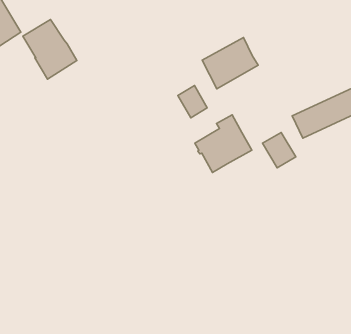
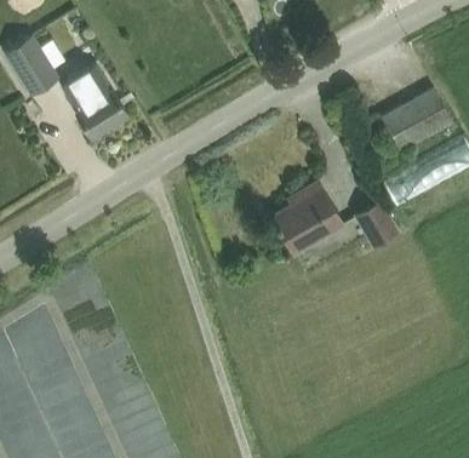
building: [202,38,258,89] -> [382,87,451,150]
building: [178,86,207,118] -> none

